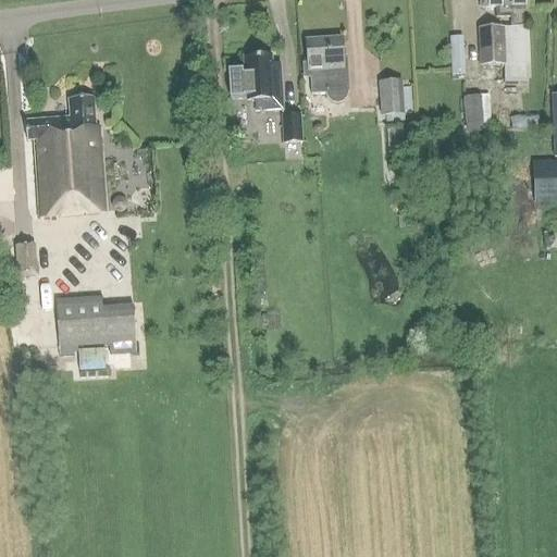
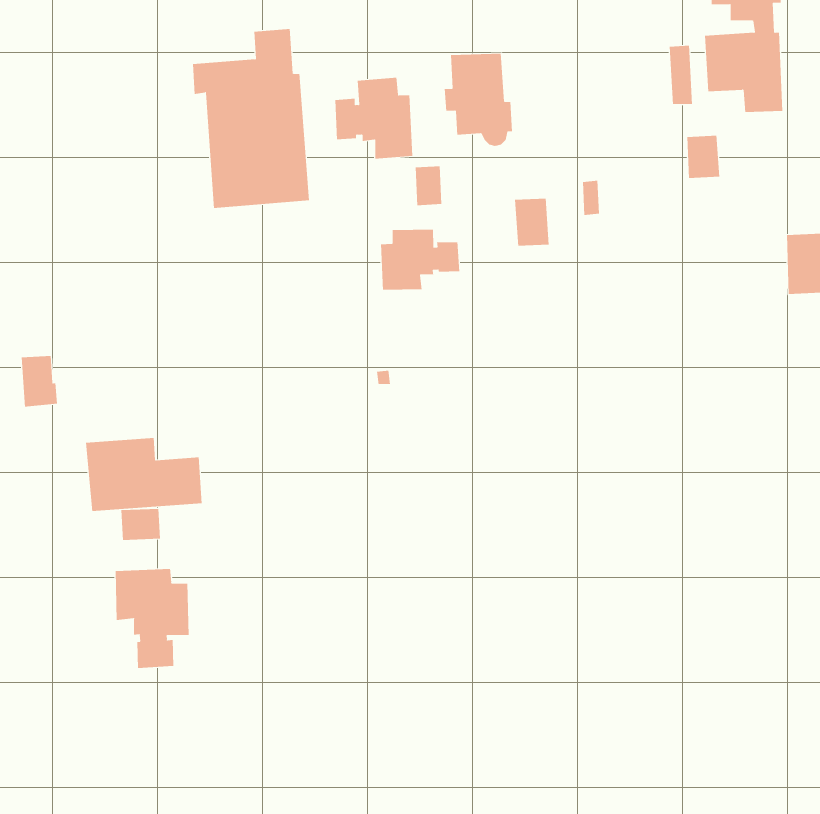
building: [379,79,403,112] -> [514,198,550,246]
building: [26,95,106,216] -> [192,28,310,209]
building: none -> [381,229,460,290]
building: none -> [115,568,189,669]

